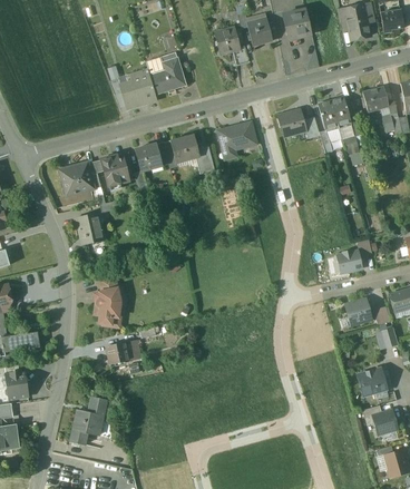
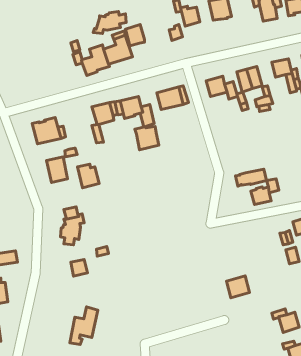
building: none -> [93,11,126,34]
building: [215,27,240,53] -> [125,25,145,46]
building: [101,156,129,186] -> [77,164,99,188]
building: none -> [135,126,159,150]
building: none -> [236,169,267,186]
building: [345,297,372,325] -> none
building: [358,368,387,395] -> [227,276,249,298]
building: [71,395,107,443] -> [70,307,98,344]

